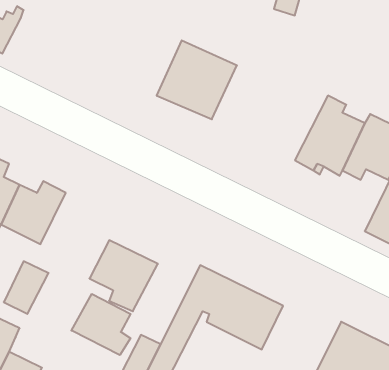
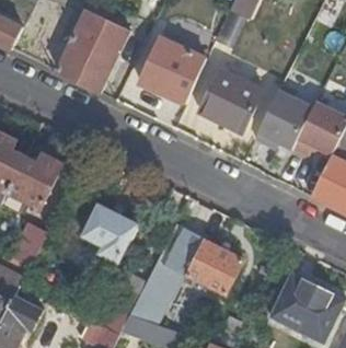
building: none -> [55,10,128,92]
building: none -> [198,70,261,131]
building: [71,294,131,355] -> none

